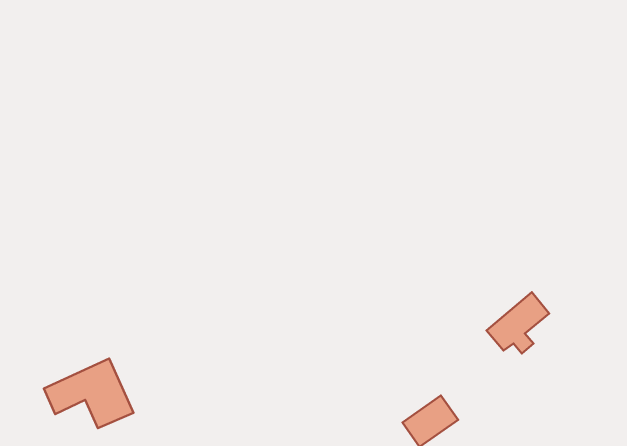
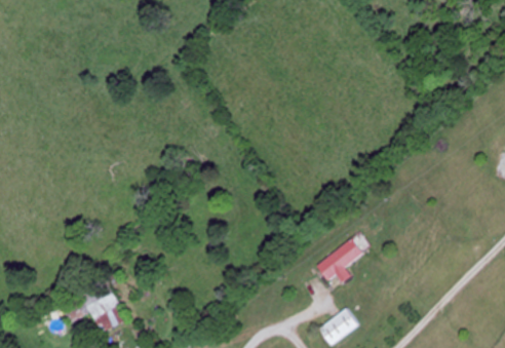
building: [486,292,549,353] -> [317,239,362,283]

